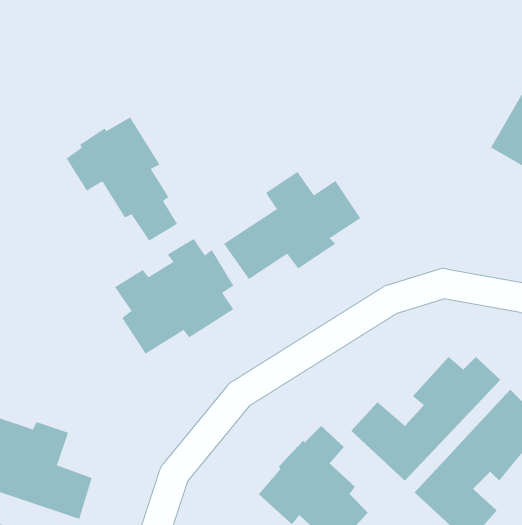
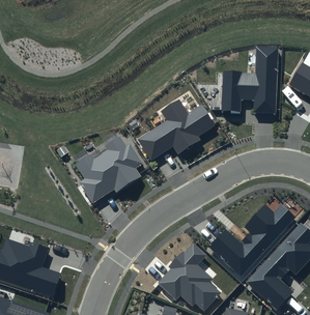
building: none -> [222,48,278,113]
building: [66,117,178,241] -> none

